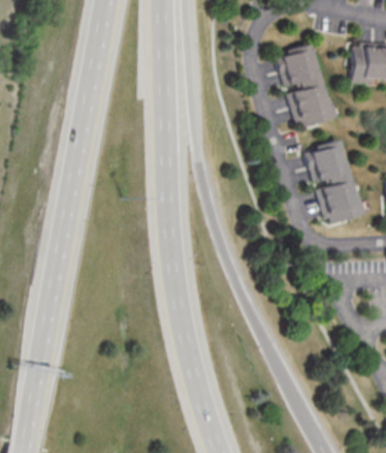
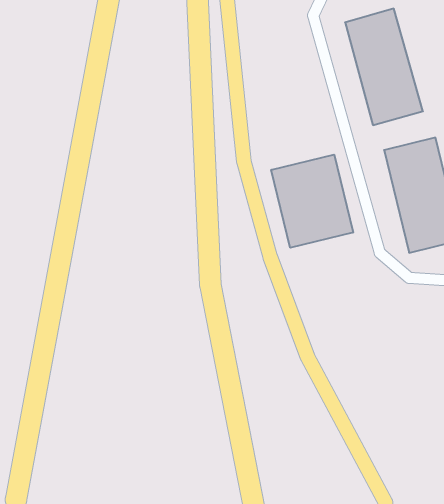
building: none -> [271,155,353,248]

